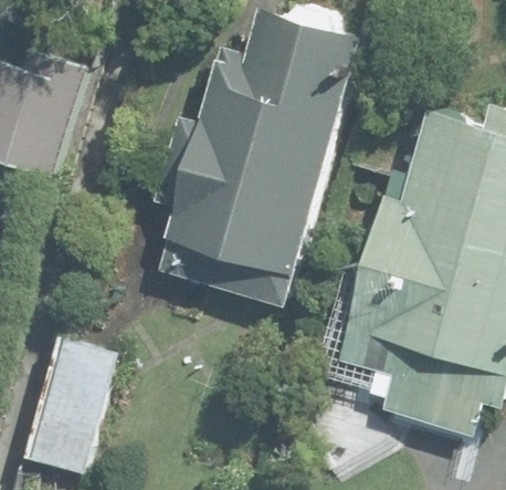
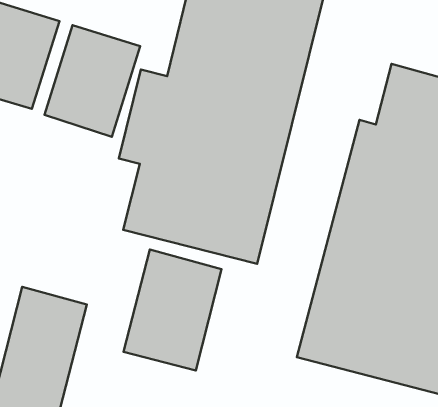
building: none -> [45,25,140,137]
building: none -> [123,250,222,370]

